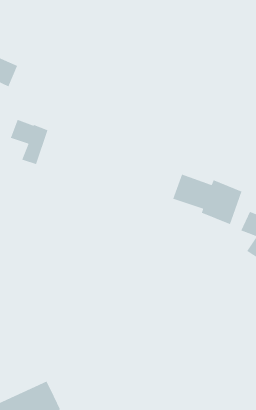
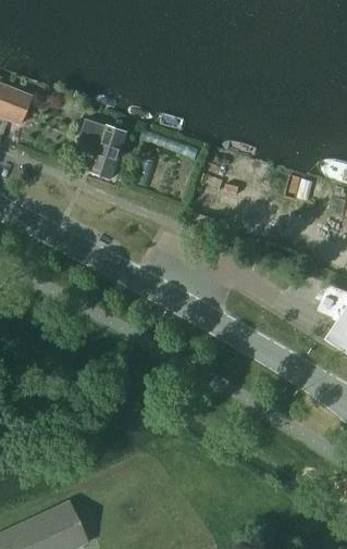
building: [10,119,49,165] -> [77,118,127,178]
building: [172,174,243,225] -> none

